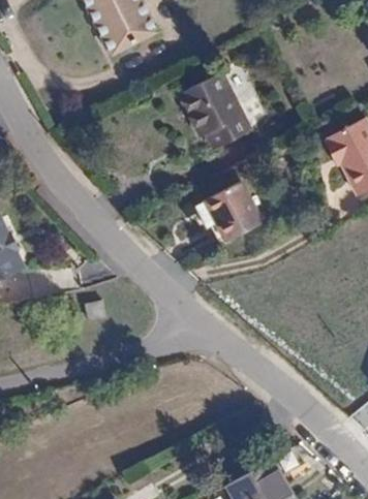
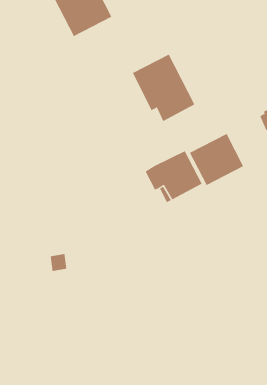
building: none -> [189,133,244,186]

